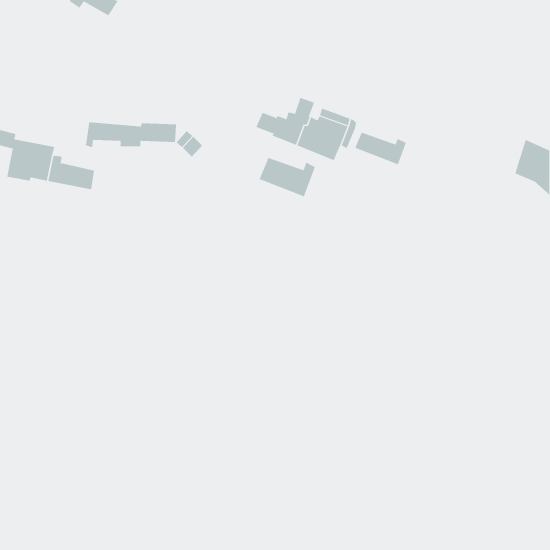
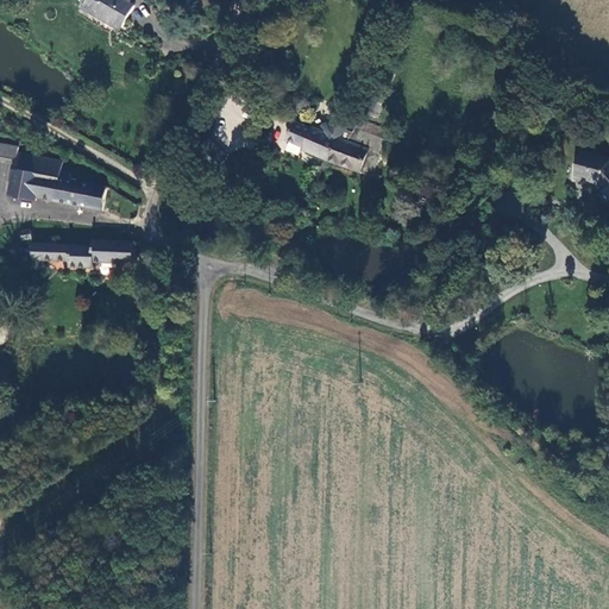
building: [85,122,177,148] -> [32,240,133,269]
building: [355,132,407,165] -> none
building: [259,157,316,197] -> none

